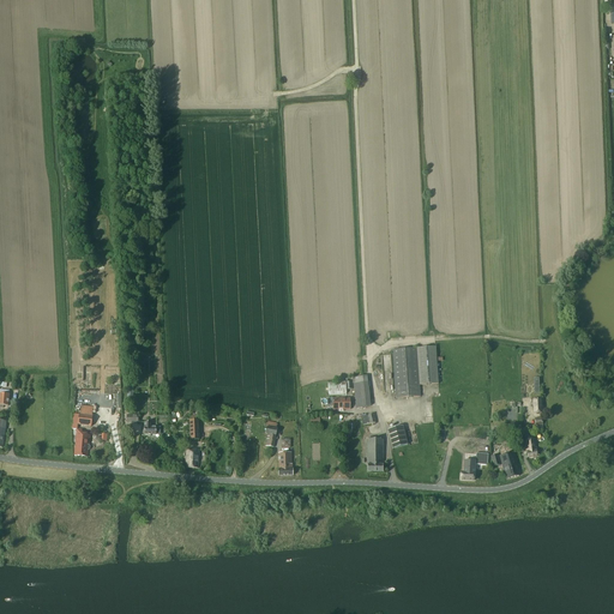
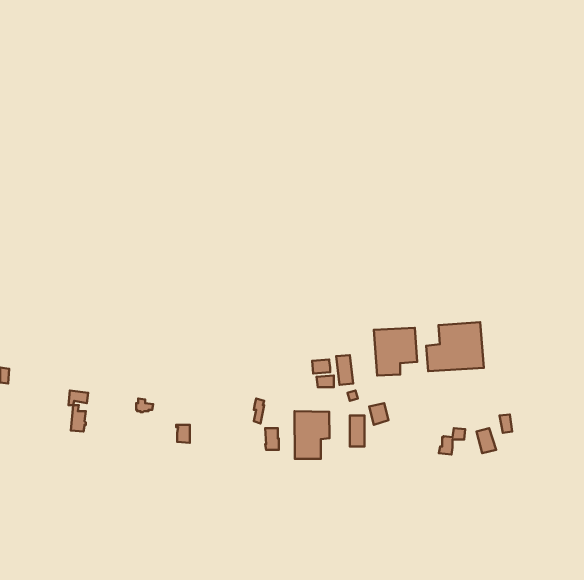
building: none -> [426,322,484,371]
building: none -> [295,411,329,459]

